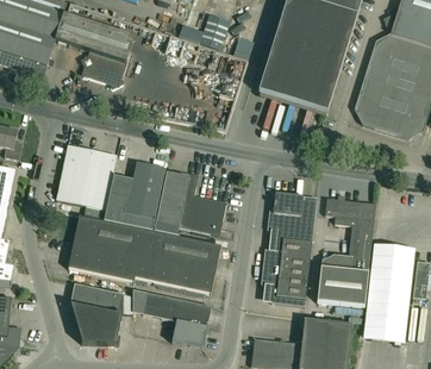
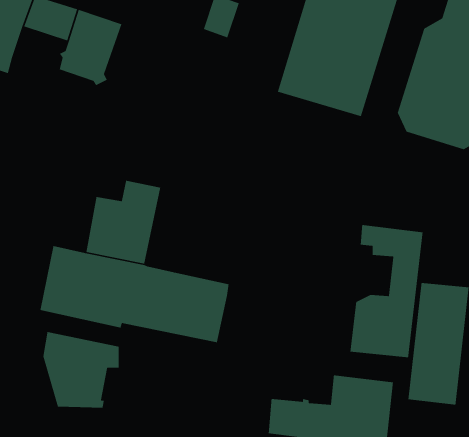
building: [56,144,117,209] -> none
building: [155,171,226,236] -> none
building: [261,190,317,305] -> none
building: [143,292,212,344] -> none

